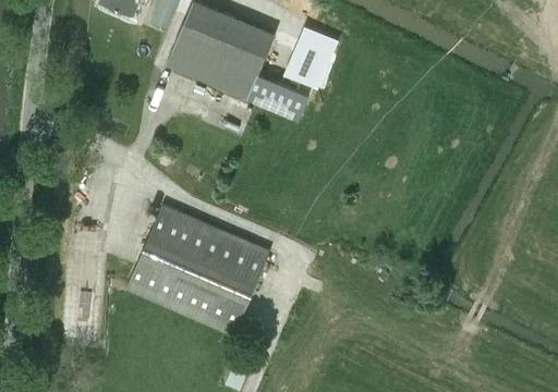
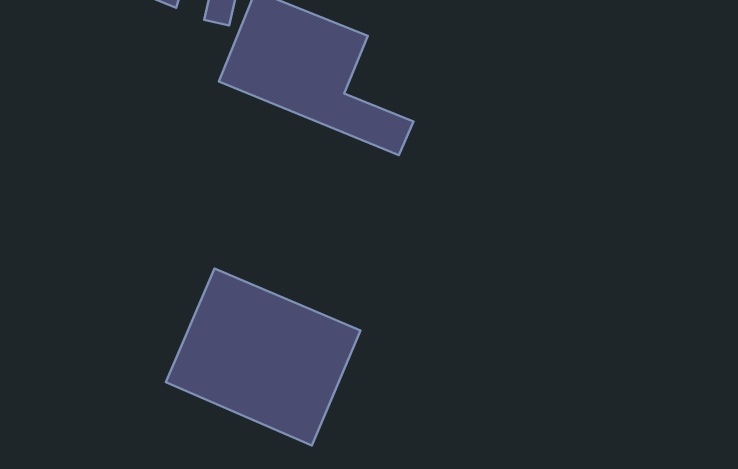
building: [284,27,338,90] -> none

